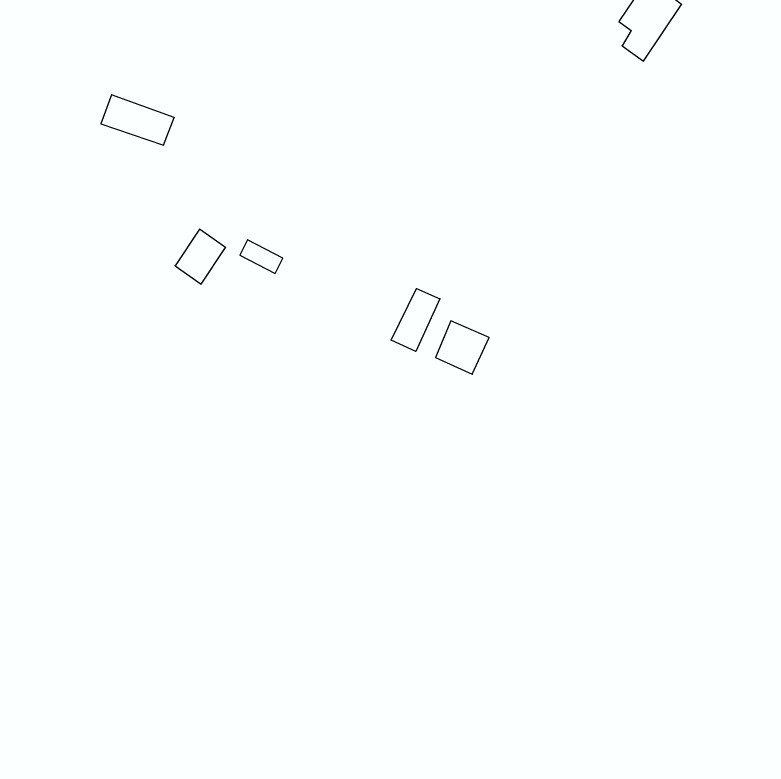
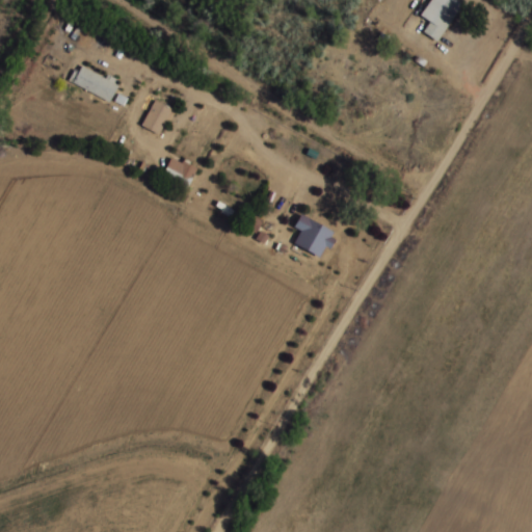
building: [175,229,226,284] -> [140,98,175,135]
building: [391,289,440,351] -> none

